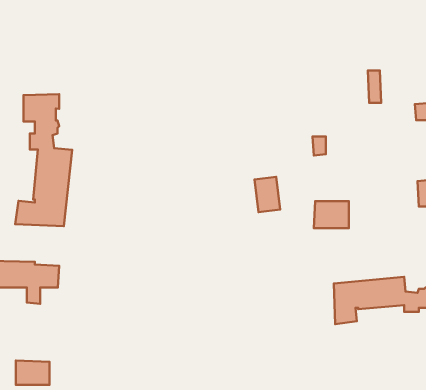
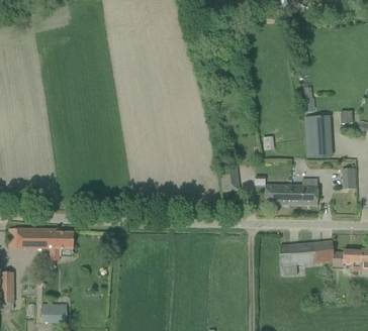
building: [15,94,72,226] -> none
building: none -> [305,115,333,156]
building: none -> [290,179,316,205]

